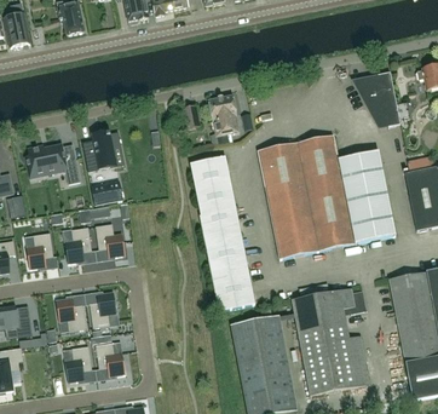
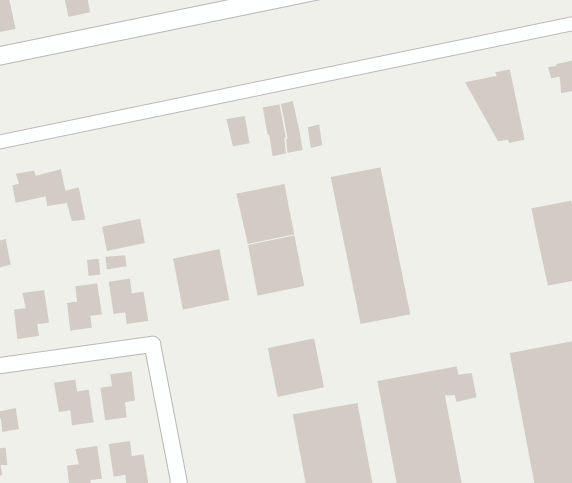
building: [82,132,121,172] -> none
building: [295,134,396,251] -> none
building: [204,230,247,275] -> [172,249,230,310]

